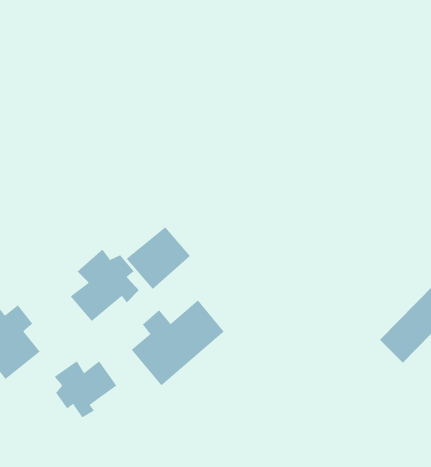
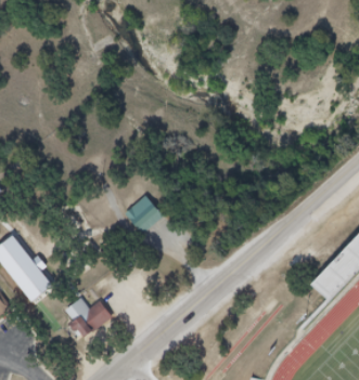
building: [70,249,139,322] -> none
building: [131,299,225,386] -> none

